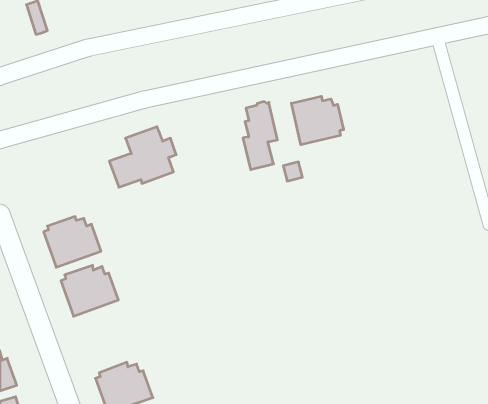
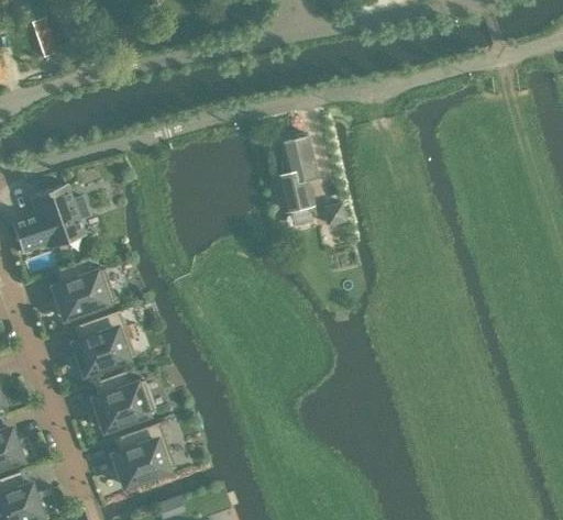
building: [291,96,344,145] -> none
building: [109,127,176,187] -> [11,182,88,252]
building: none -> [91,377,157,435]

